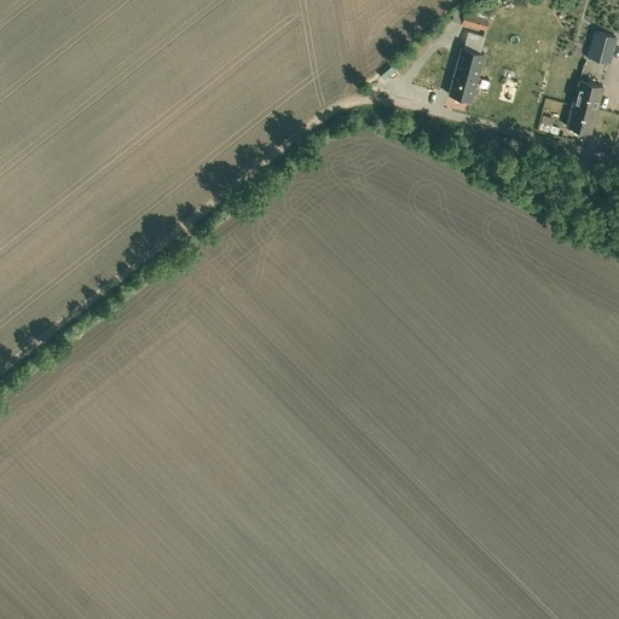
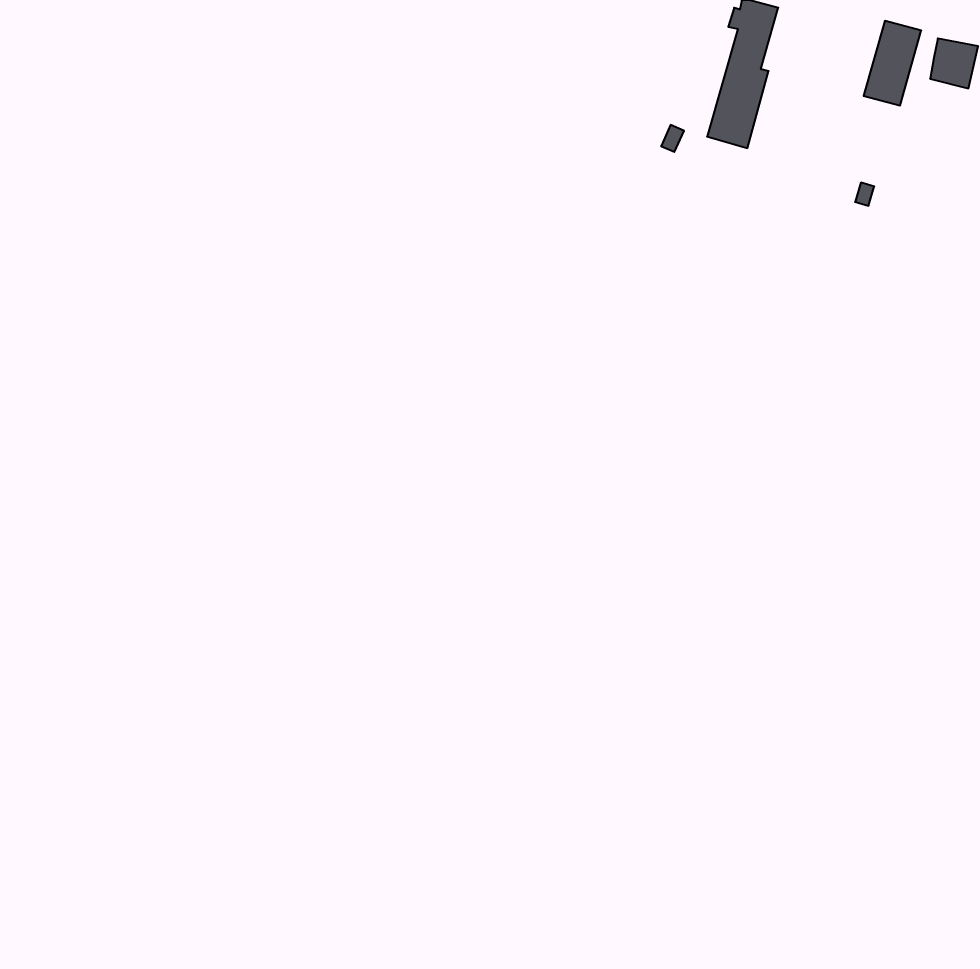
building: [568,87,604,140] -> [864,21,921,106]

